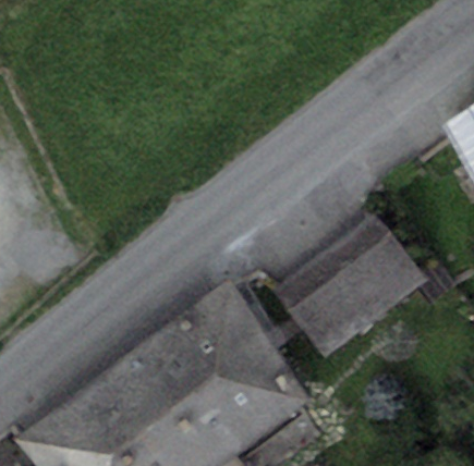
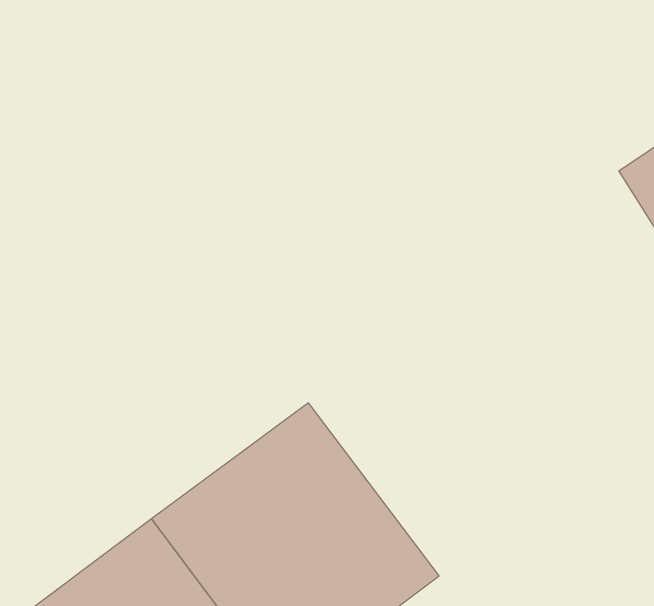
building: [277,217,428,359] -> none

